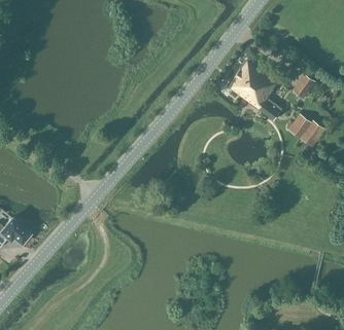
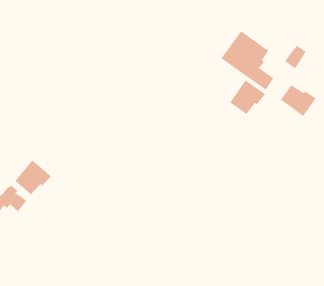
building: none -> [229,80,266,115]
building: none -> [14,160,52,195]

